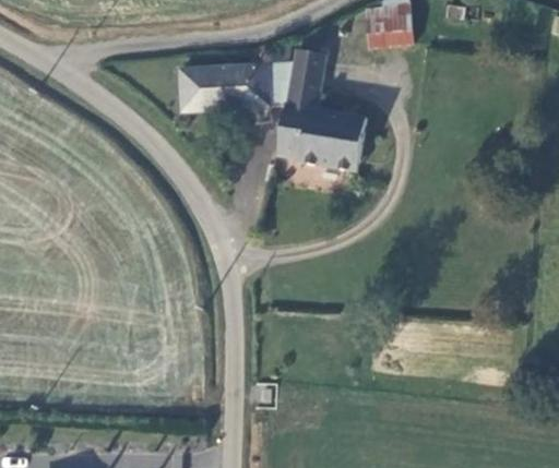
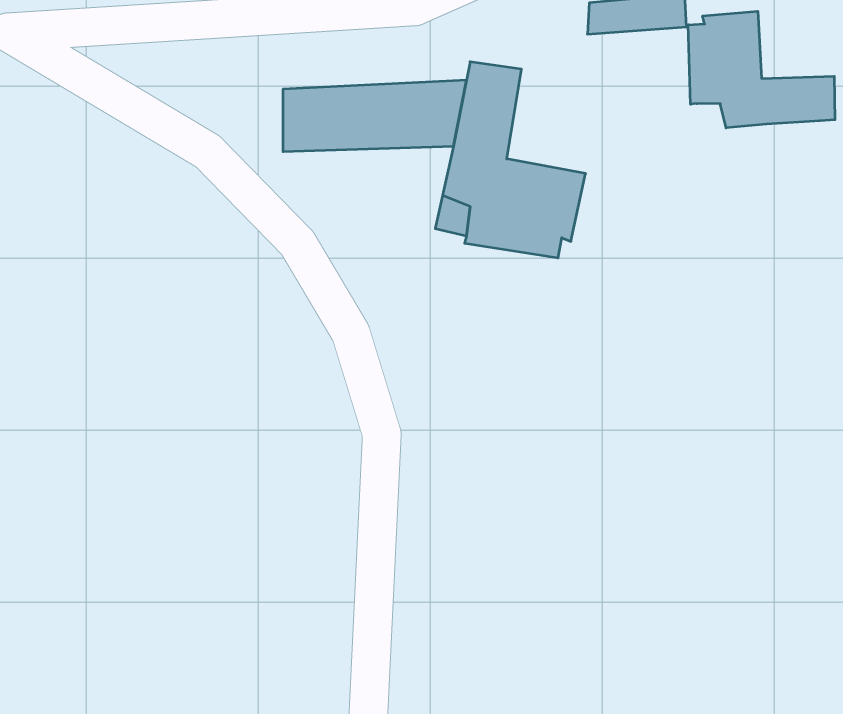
building: none -> [688,11,835,128]

